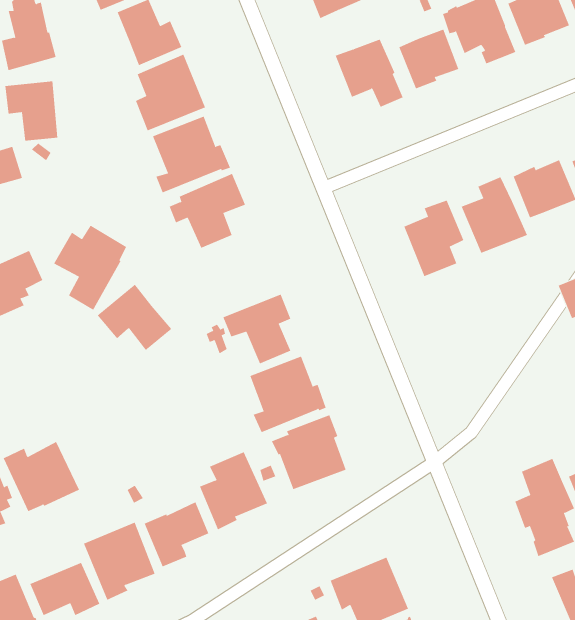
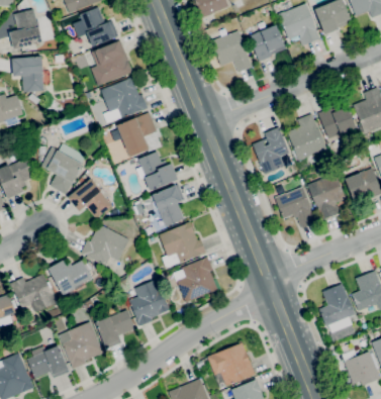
building: none -> [135,152,178,192]
building: none -> [307,174,345,221]
building: none -> [274,187,315,229]
building: none -> [80,224,128,267]
building: none -> [47,261,91,302]

